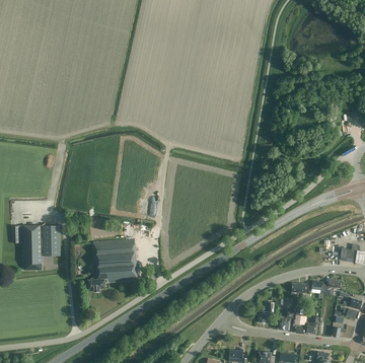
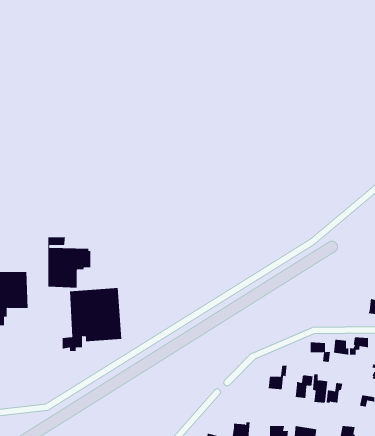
building: none -> [48,236,91,288]

